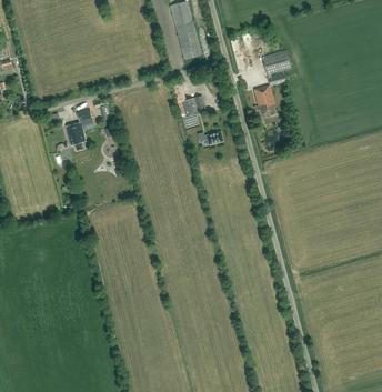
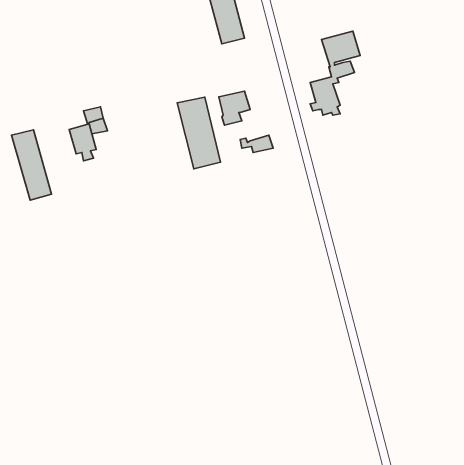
building: none -> [177,97,220,169]
building: none -> [12,130,51,200]

